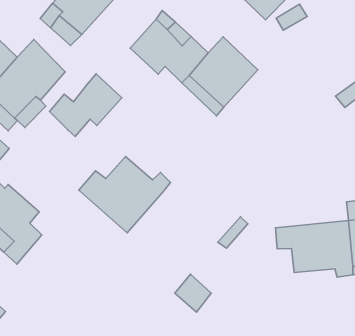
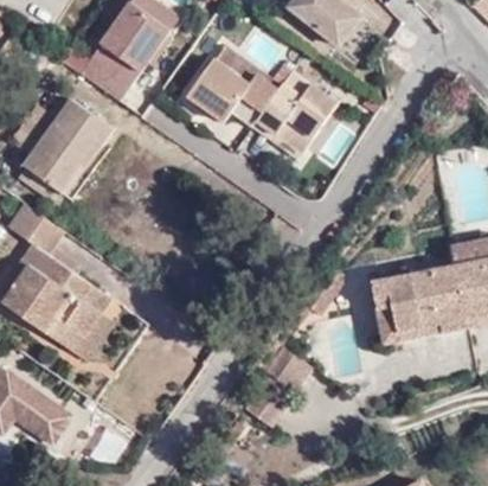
building: [49,74,122,136] -> none
building: [79,156,170,233] -> none
building: none -> [380,303,452,345]

